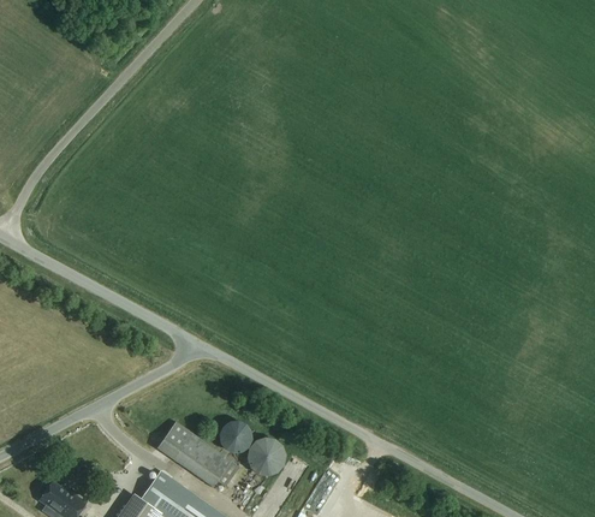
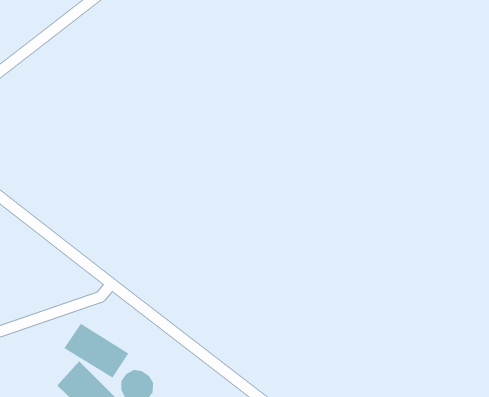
building: none -> [63,323,129,379]

